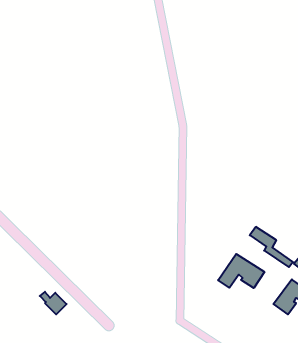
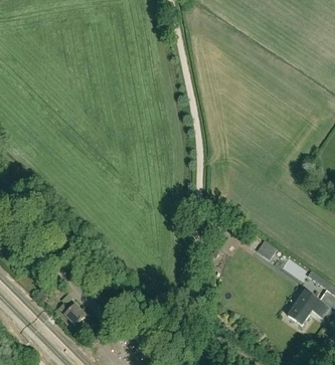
building: [218,254,264,288] -> none

